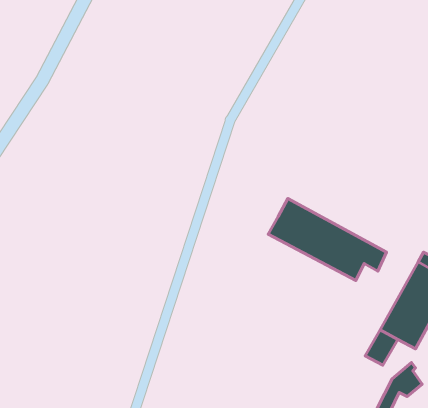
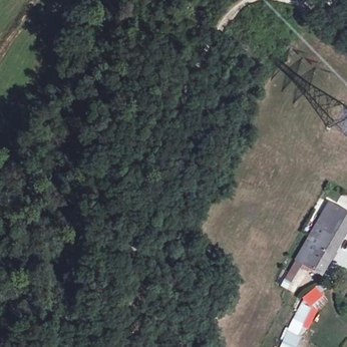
building: [268,199,387,281] -> none

